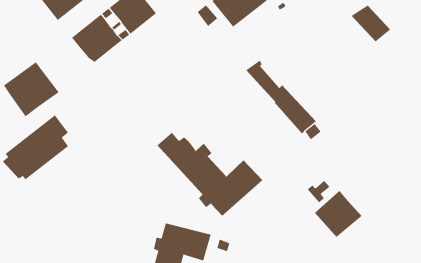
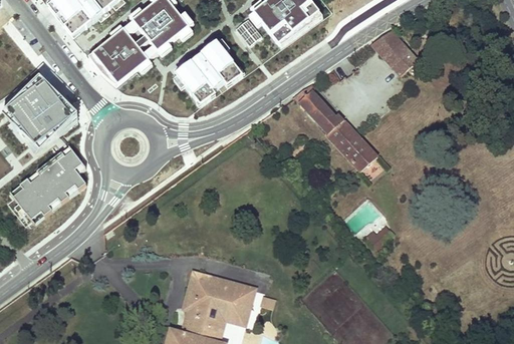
building: [351,5,391,42] -> [368,27,416,71]
building: none -> [175,41,238,100]
building: [157,132,263,217] -> none
building: [314,190,362,238] -> none

